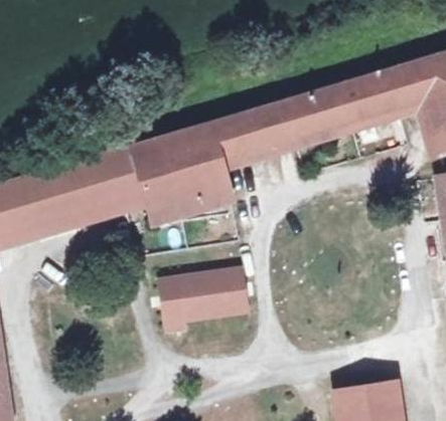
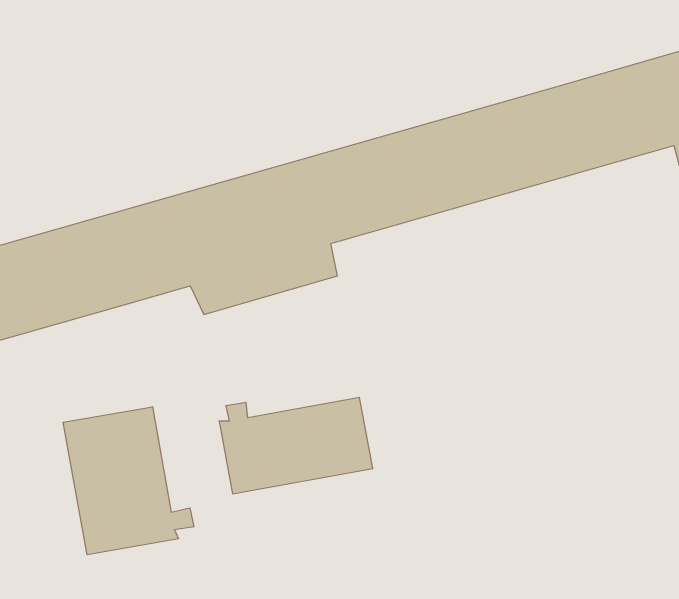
building: none -> [63,407,194,555]

